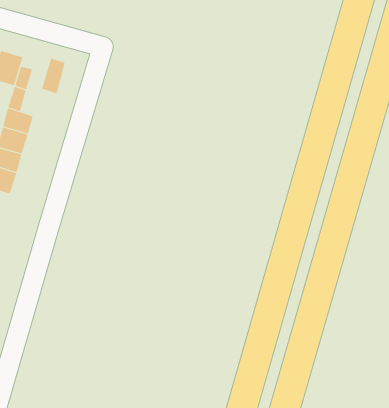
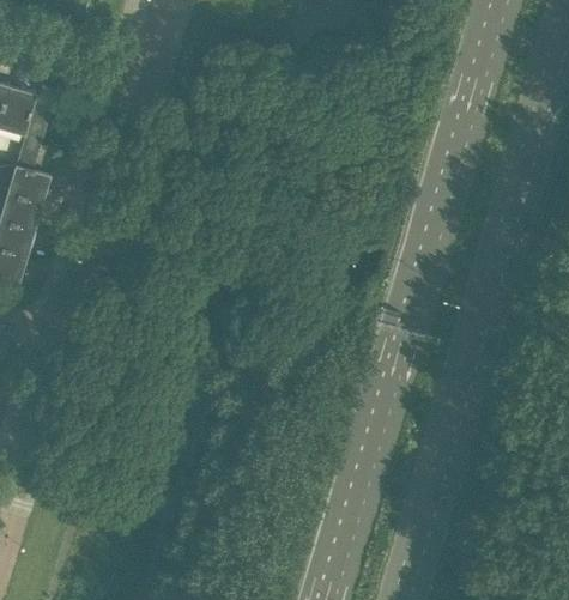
building: [42,58,65,94] -> none

